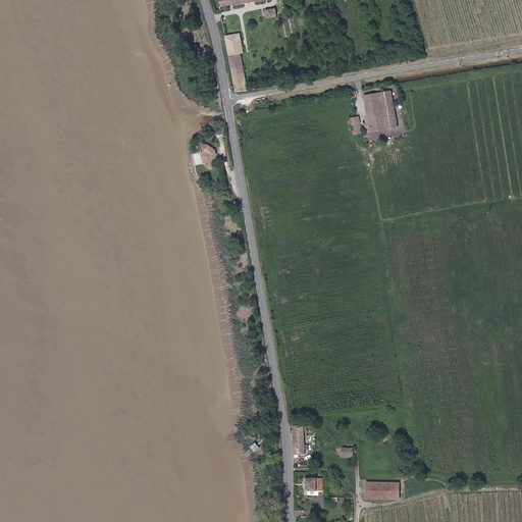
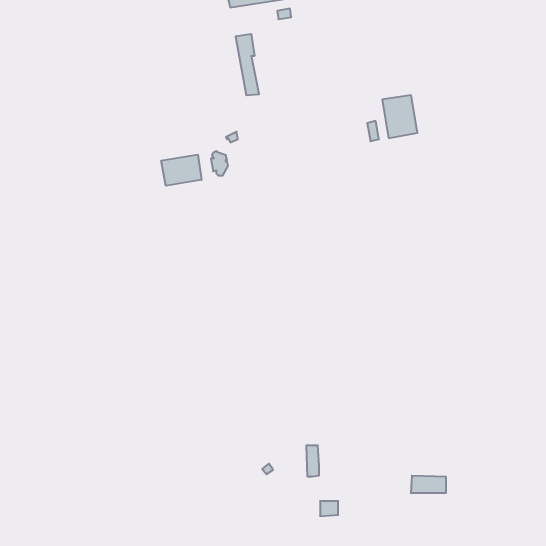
building: none -> [161,155,202,186]
building: [364,481,398,498] -> [411,476,446,493]

